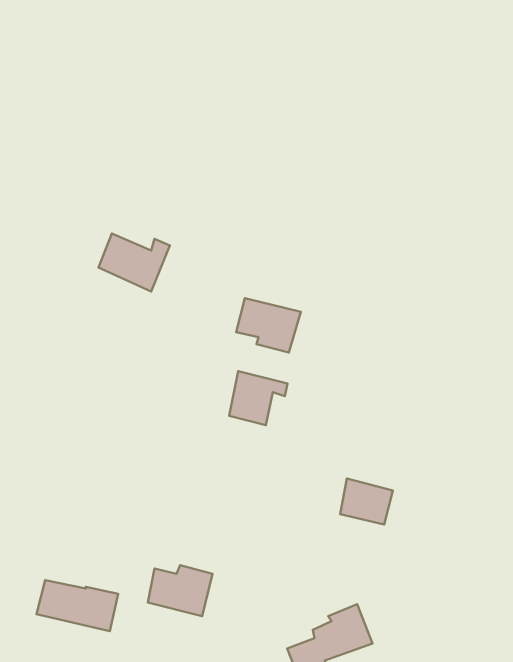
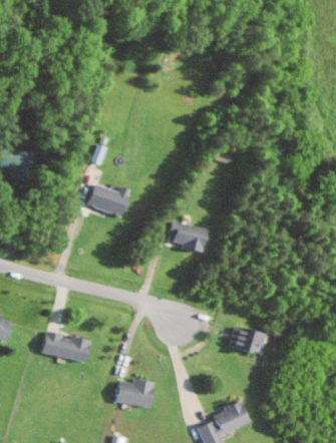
building: [229,371,288,425] -> none
building: [37,580,118,631] -> [41,333,89,363]

